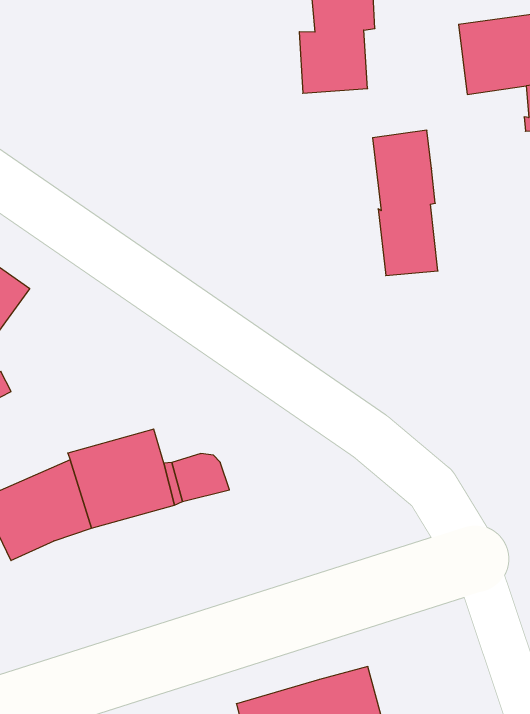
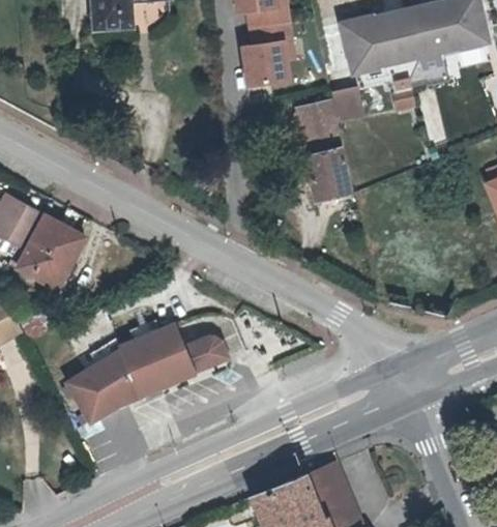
building: none -> [332,90,366,125]

